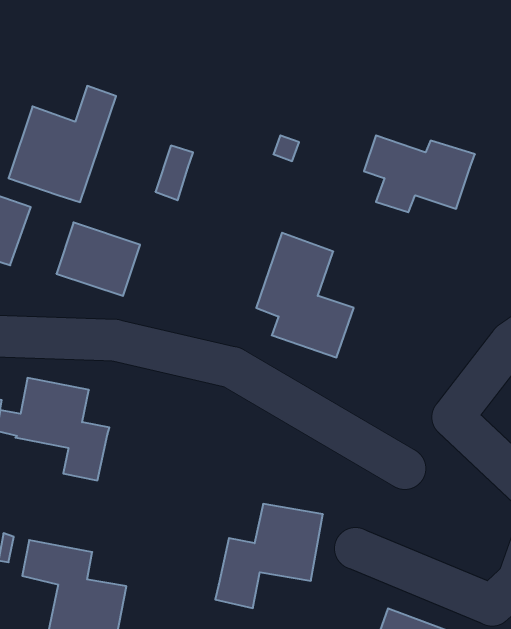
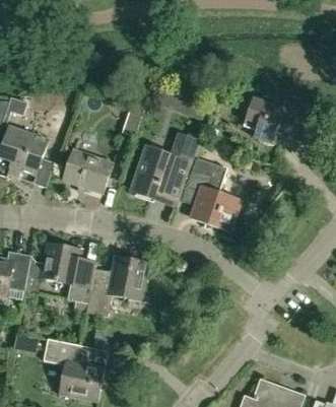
building: [8,86,116,202] -> [132,135,196,204]
building: [215,504,323,608] -> [85,255,149,317]

